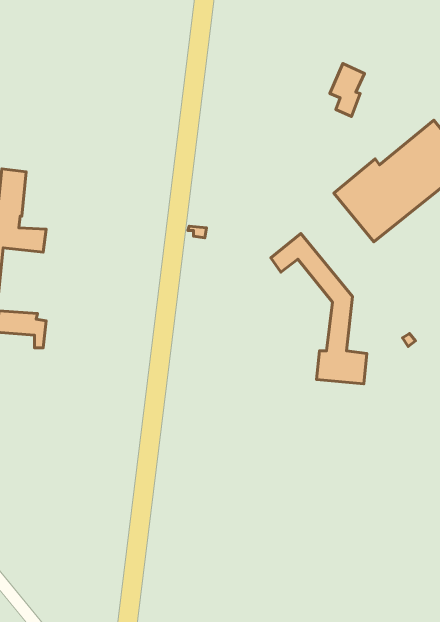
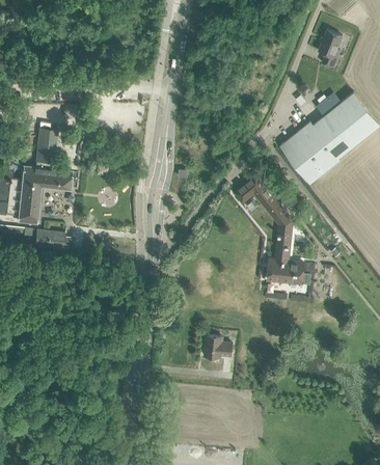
building: [330,64,364,117] -> [317,31,342,70]
building: none -> [203,337,232,360]

